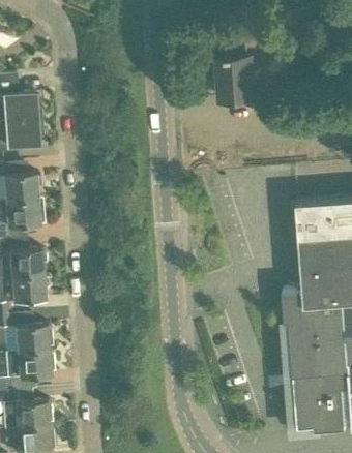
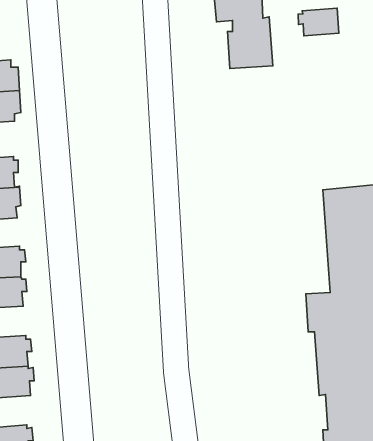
building: none -> [298,8,339,36]

